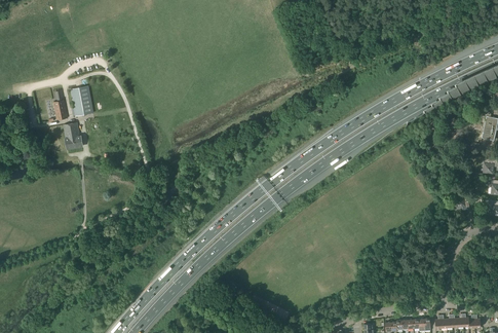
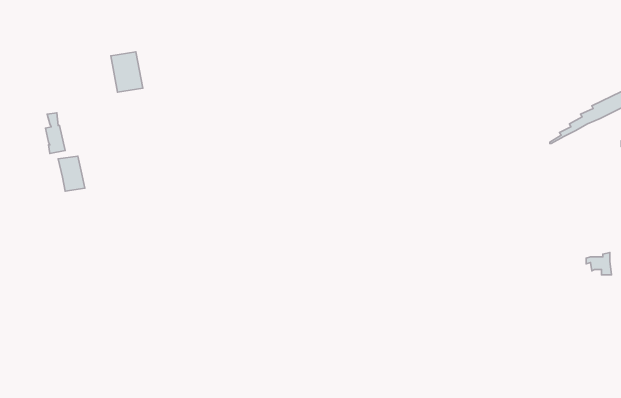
building: [70,87,93,117] -> [111,52,143,92]

